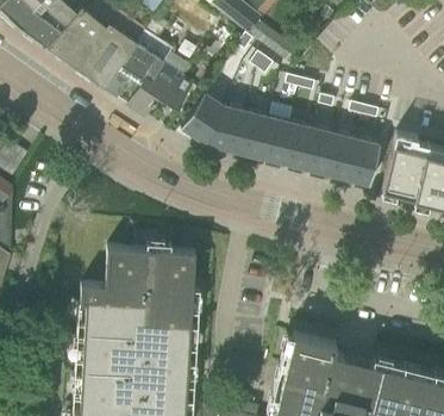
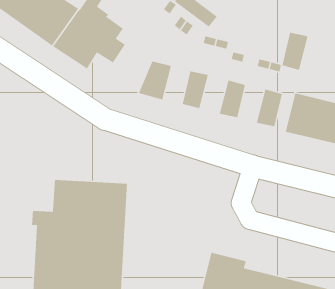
building: [180,92,223,144] -> none
building: [236,111,268,157] -> none
building: [280,122,313,169] -> none
building: [325,134,357,180] -> [281,32,308,71]

